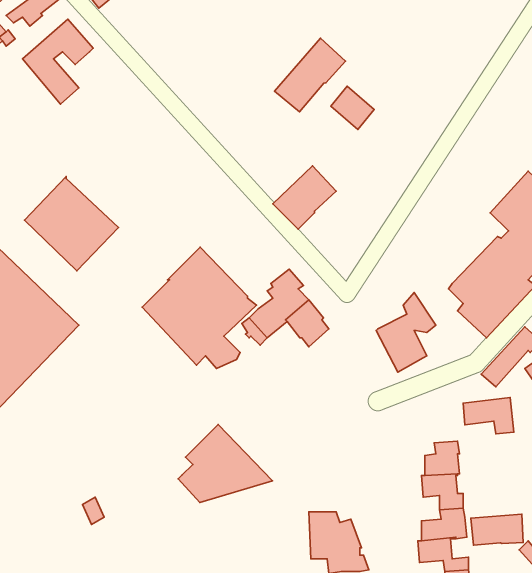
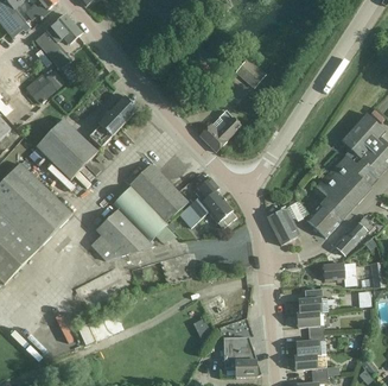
building: [275,38,345,112] -> none
building: none -> [26,70,65,102]
building: none -> [89,95,138,146]
building: none -> [306,204,339,236]
building: [178,425,272,502] -> [91,209,153,260]
building: [471,514,523,545] -> none

